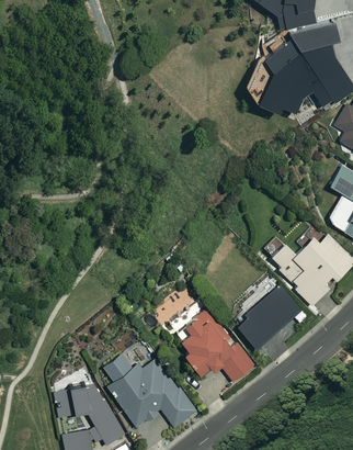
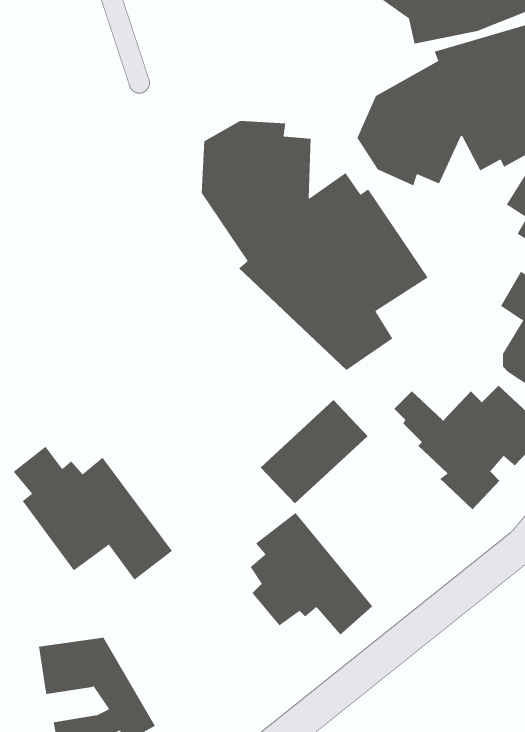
building: none -> [201,120,429,371]
building: [237,285,301,348] -> [260,399,368,504]
building: [103,351,198,431] -> [13,446,173,580]

